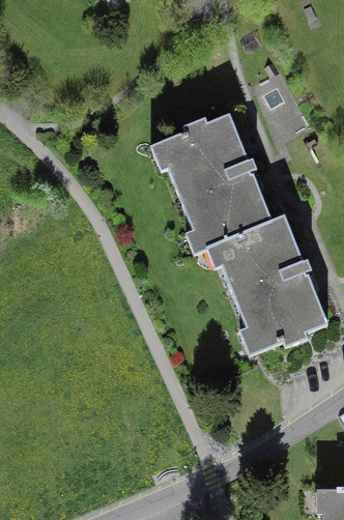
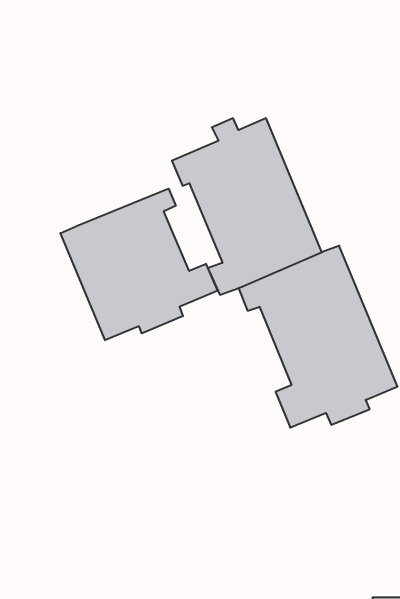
building: none -> [60,189,217,340]

